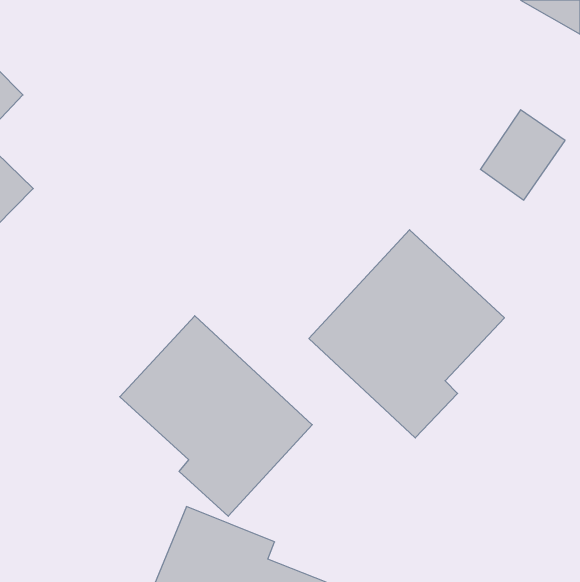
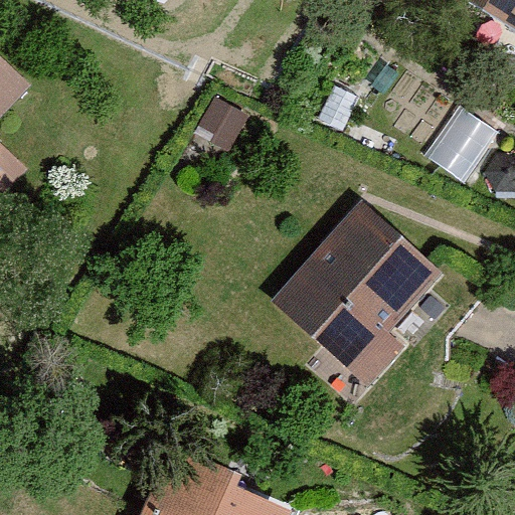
building: [120,316,312,516] -> none

